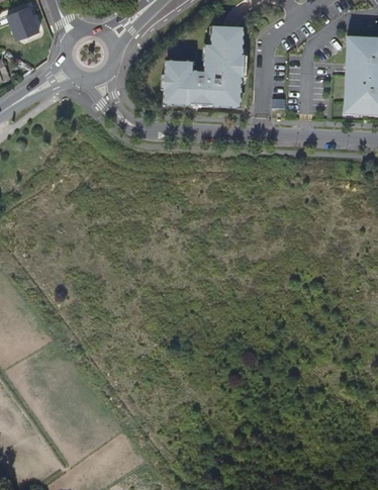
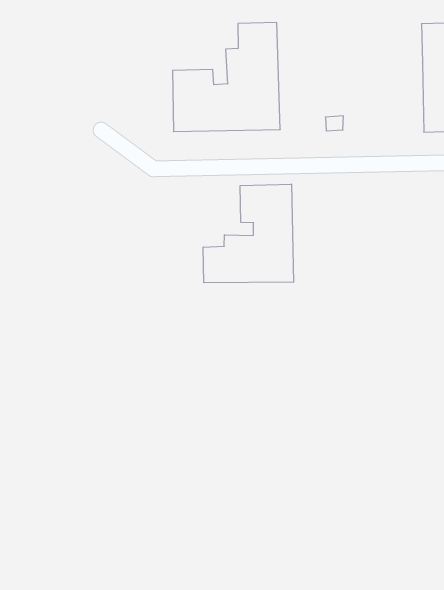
building: none -> [203,184,293,283]

